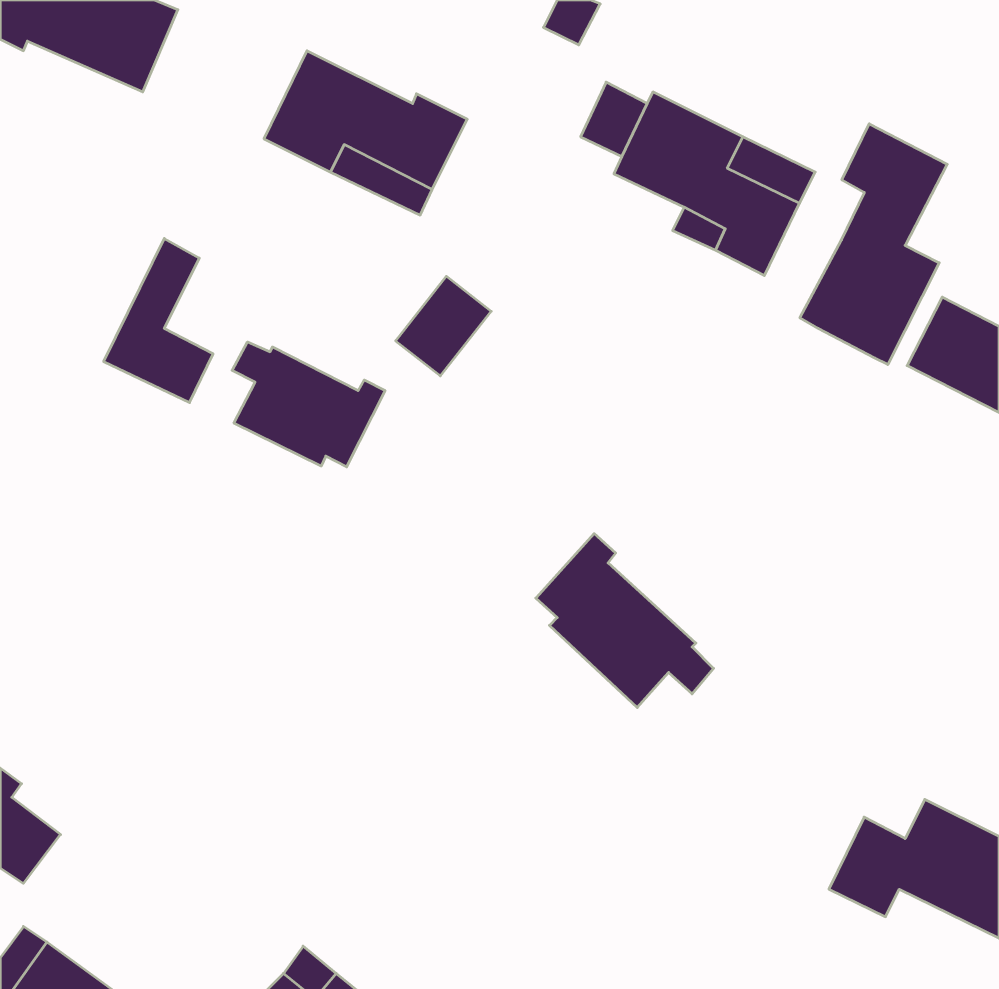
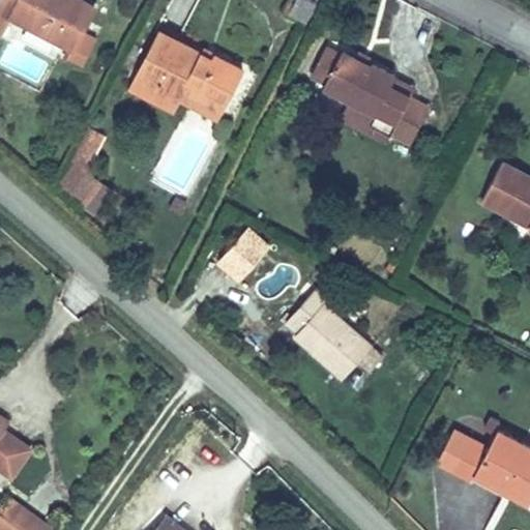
building: [800,124,947,365] -> none
building: [396,276,491,376] -> [218,233,269,286]
building: [232,342,385,467] -> none

